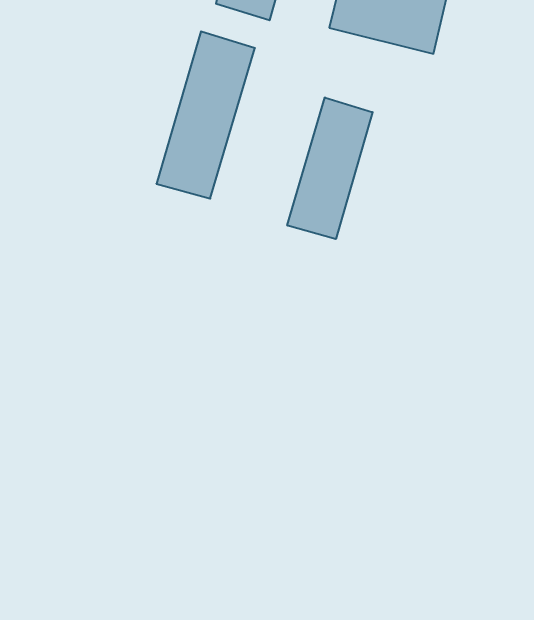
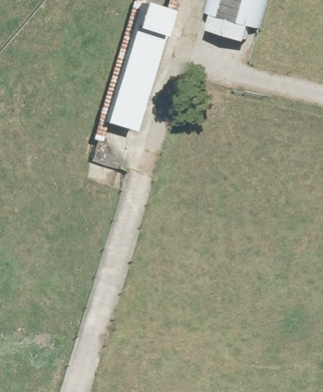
building: [287,97,373,239] -> none

